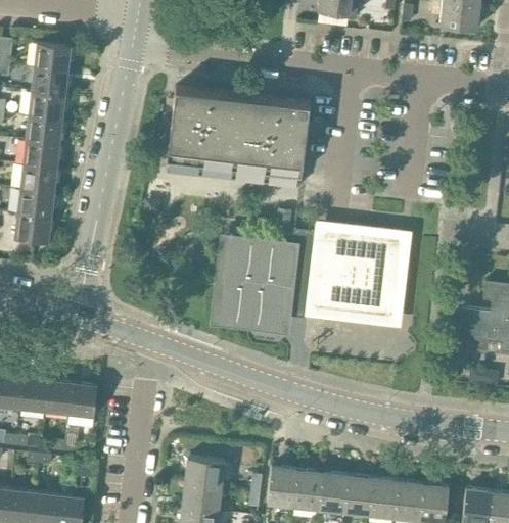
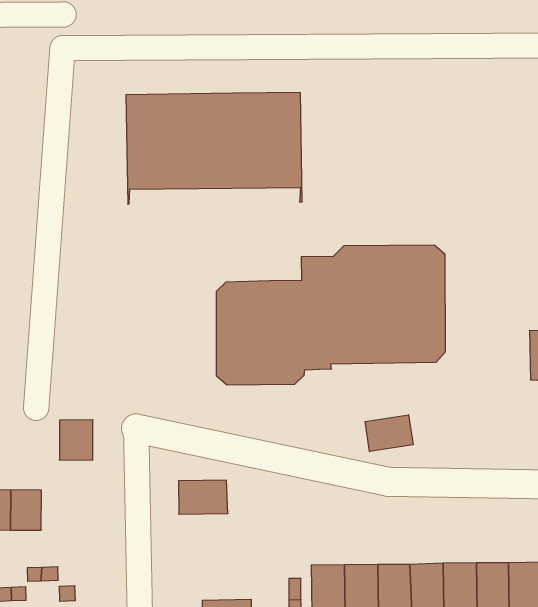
building: none -> [365,415,413,452]
building: [68,384,98,418] -> [59,420,93,460]
building: [185,459,225,488] -> [178,480,228,514]

